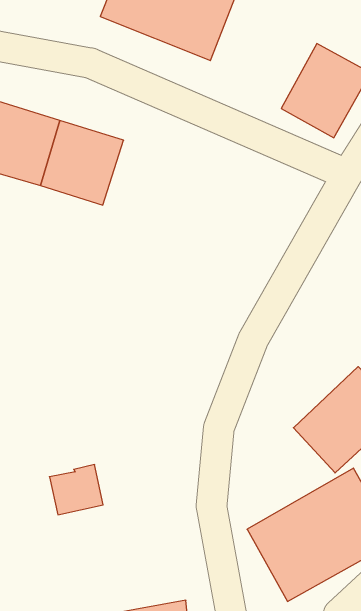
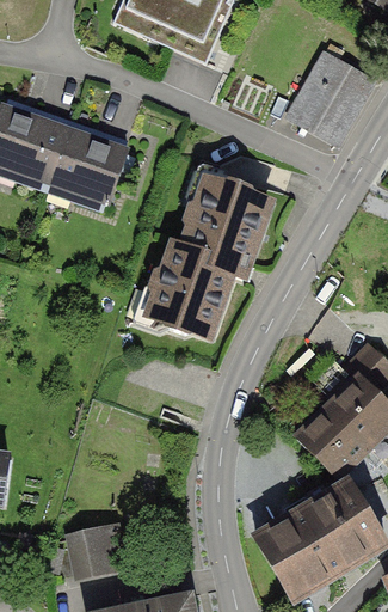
building: none -> [142,179,271,344]
building: [49,465,103,515] -> [70,527,123,576]

